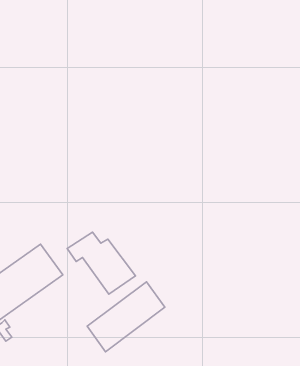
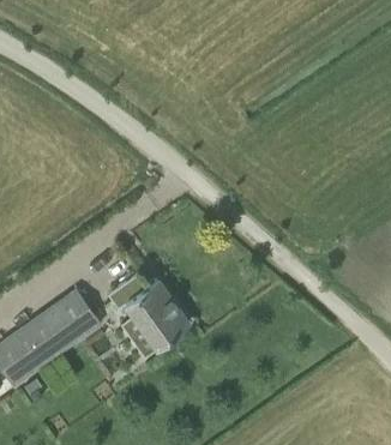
building: [87,282,165,352] -> none

